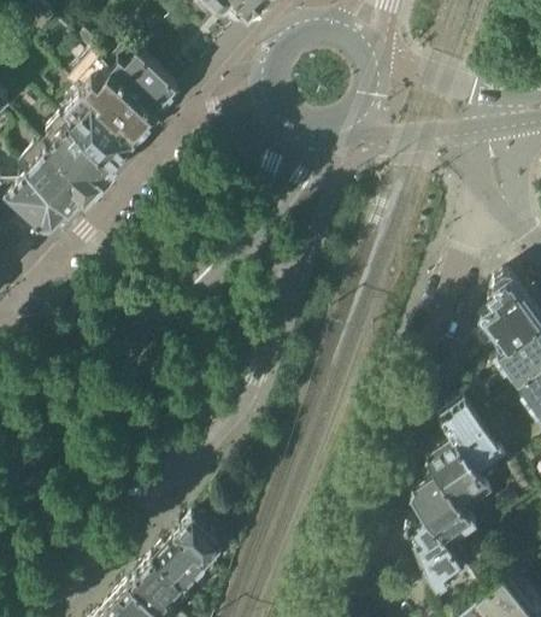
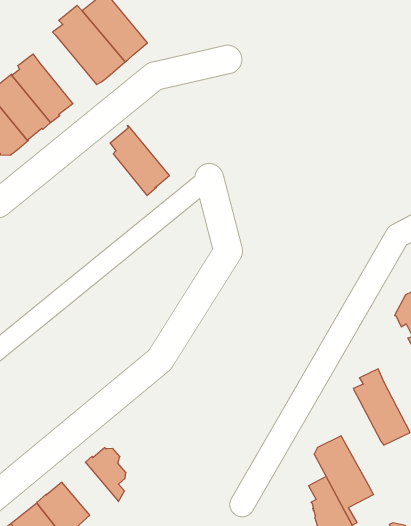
building: [67,98,134,168] -> [110,126,169,196]
building: [427,435,494,521] -> none
building: [154,539,216,592] -> none

